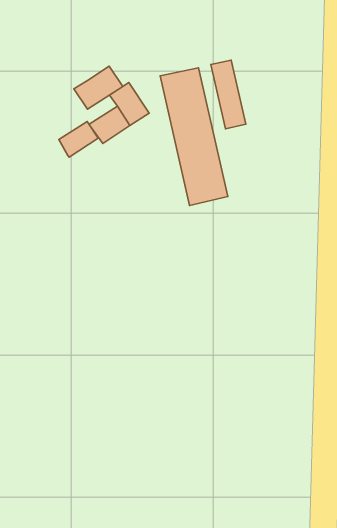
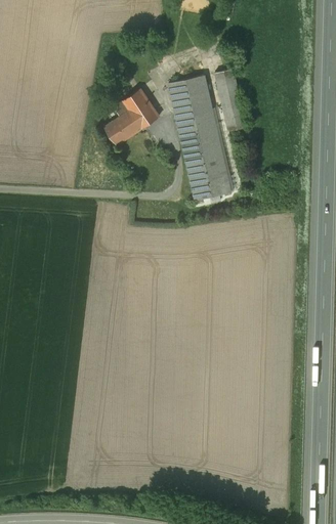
building: [74,66,123,109] -> none
building: [59,121,98,157] -> none

